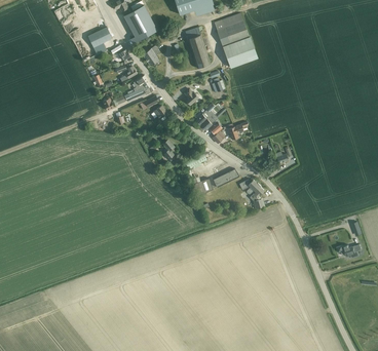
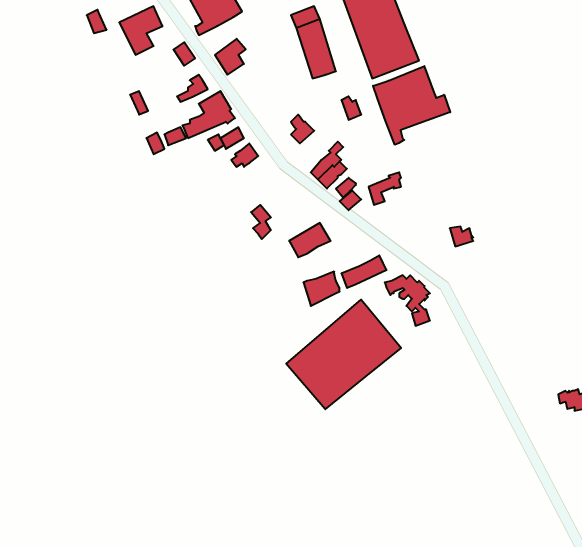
building: none -> [373,66,450,145]
building: none -> [286,300,401,409]

